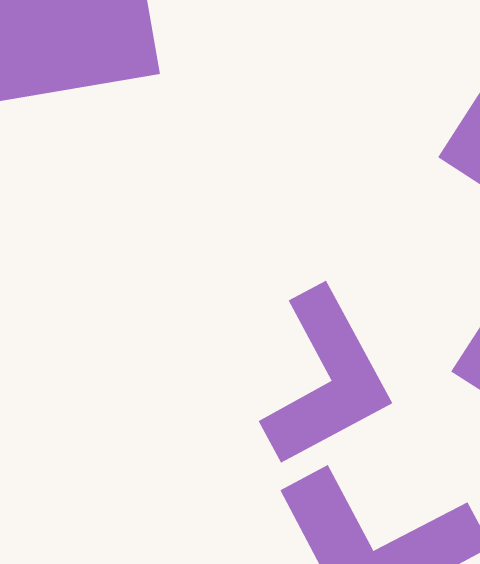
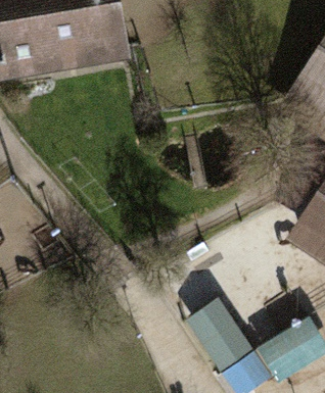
building: [258,280,393,464] -> none

